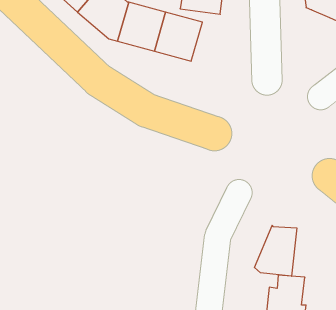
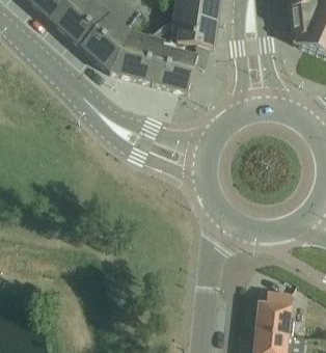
building: [255,225,297,276] -> none

